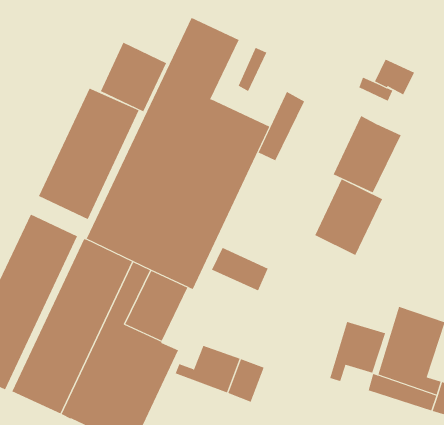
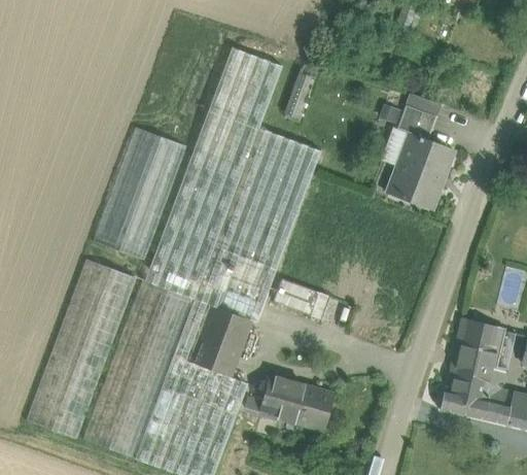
building: [100,42,167,112] -> none
building: [374,59,415,95] -> [397,104,437,139]
building: [258,91,305,161] -> none
building: [314,179,383,256] -> none
building: [329,321,386,382] -> none

